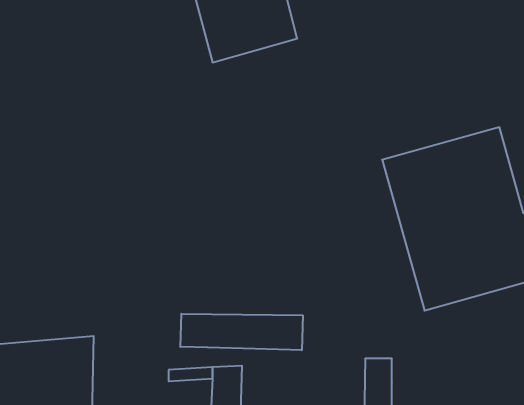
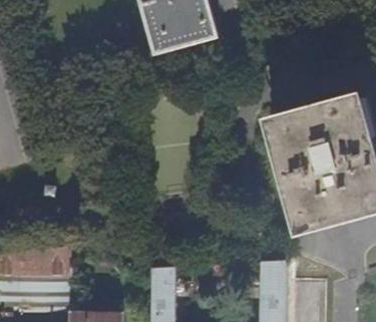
building: [180,314,303,350] -> none

